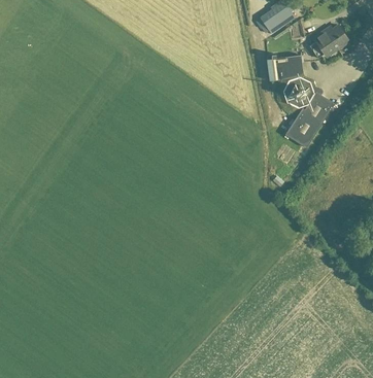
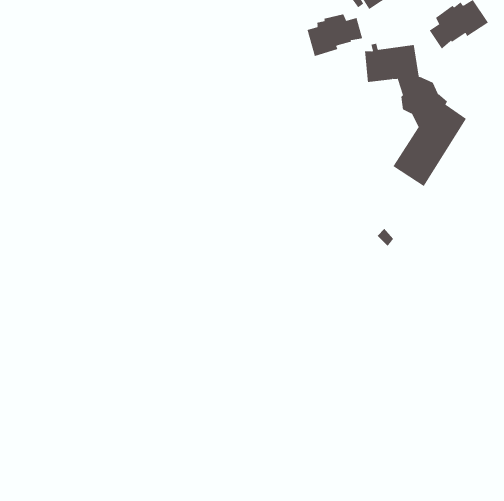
building: none -> [307,14,363,57]

